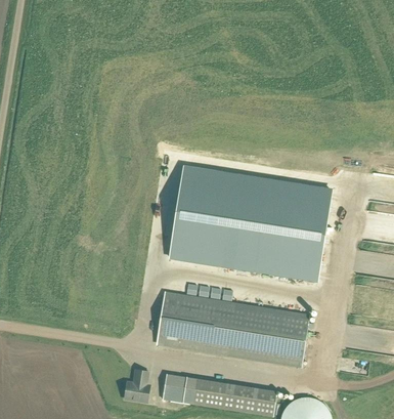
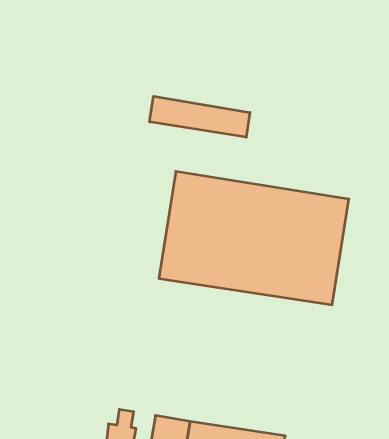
building: none -> [150,96,250,137]
building: [156,292,309,364] -> none

